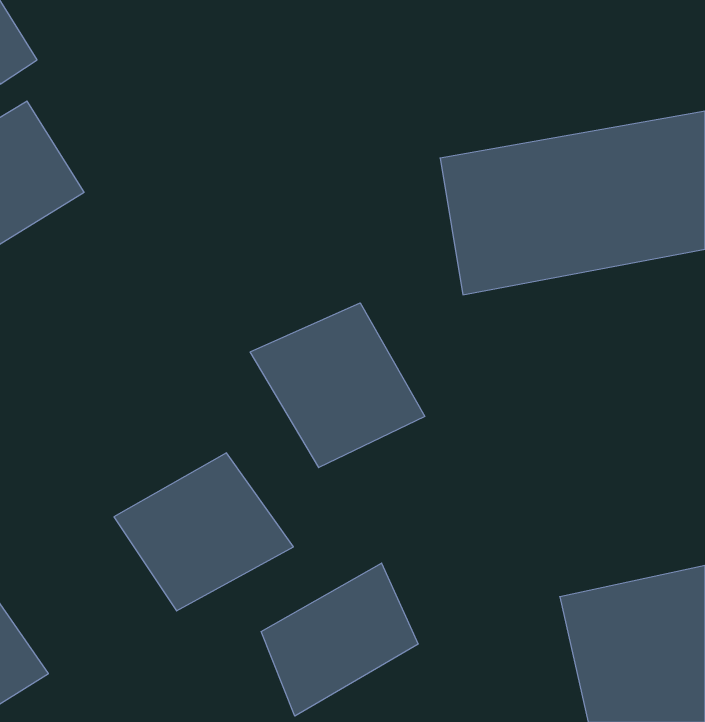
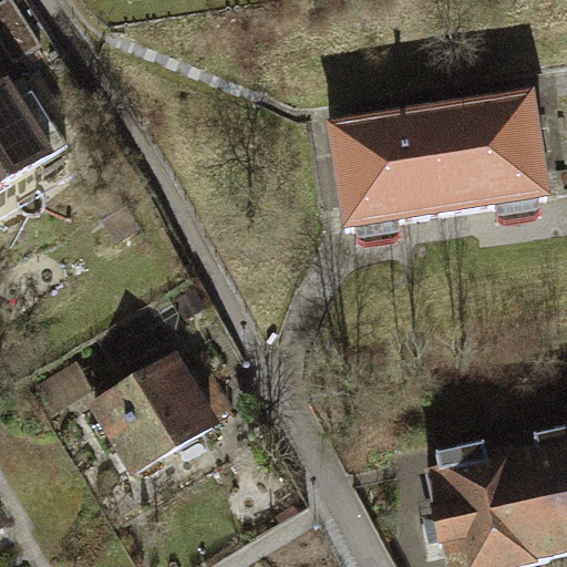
building: [250,303,425,468] -> none
building: [261,563,418,716] -> none

